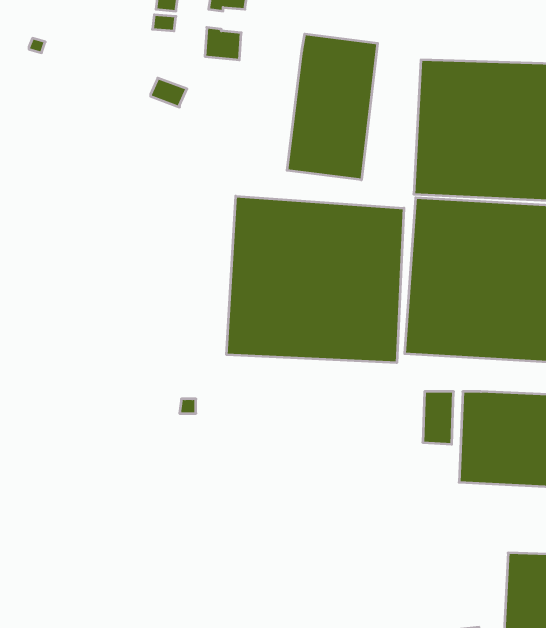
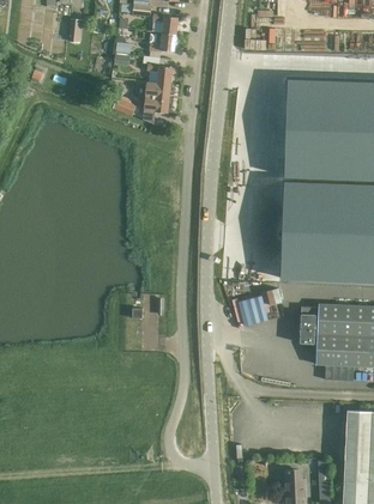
building: [287,34,378,180] -> none
building: none -> [143,80,170,113]
building: [227,196,404,363] -> none

